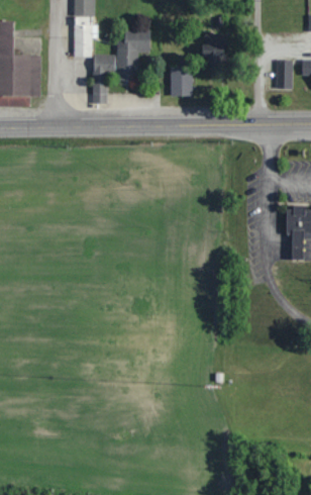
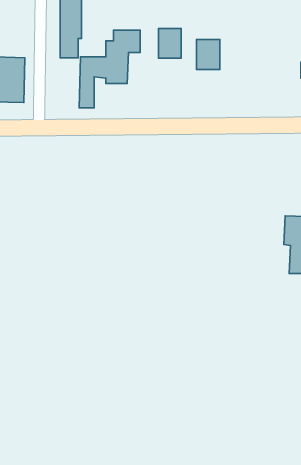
building: [277,60,292,90] -> none
building: [172,68,193,96] -> [159,28,181,58]

